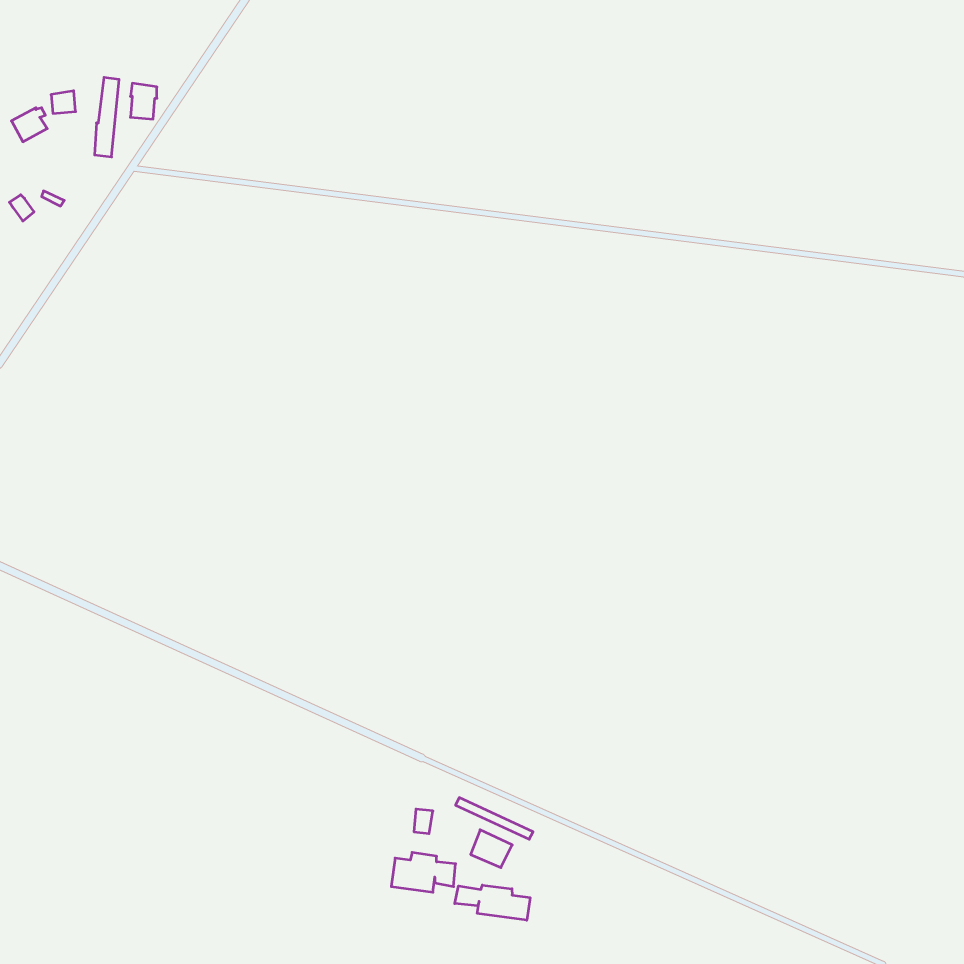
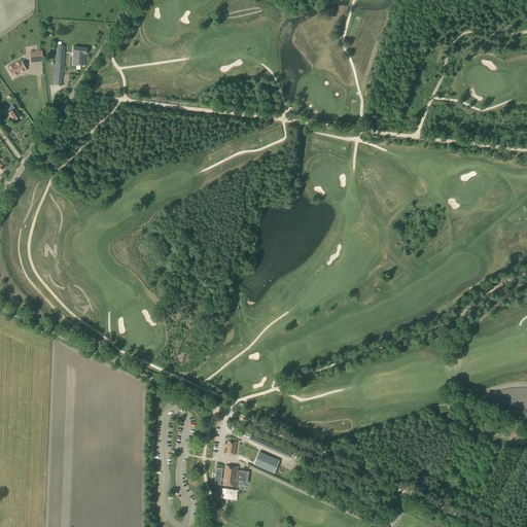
building: [455,885,530,920] -> none

